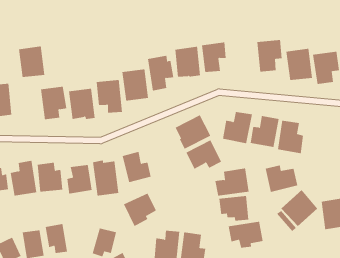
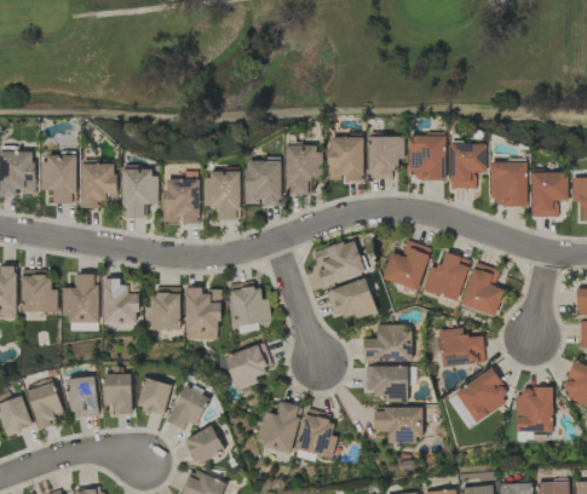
building: none -> [408,136,445,179]
building: [18,46,45,77] -> [81,163,116,207]
building: none -> [136,378,172,415]

